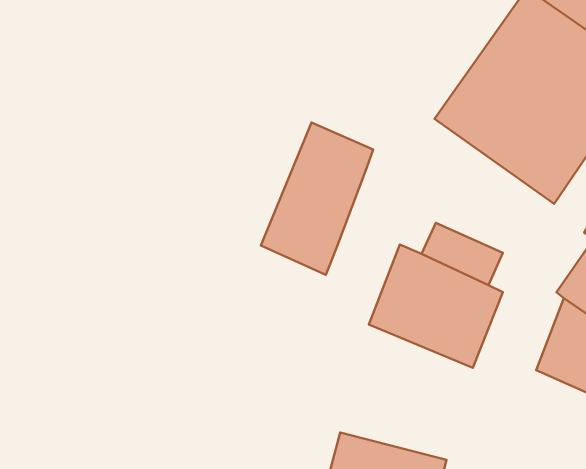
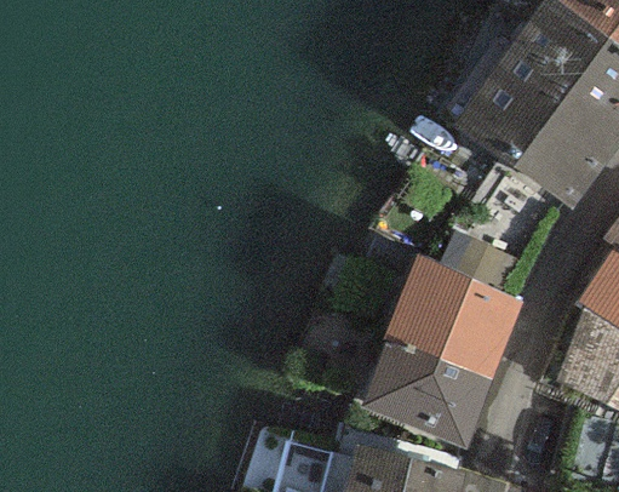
building: [261,122,373,275] -> none
building: none -> [360,333,491,450]

